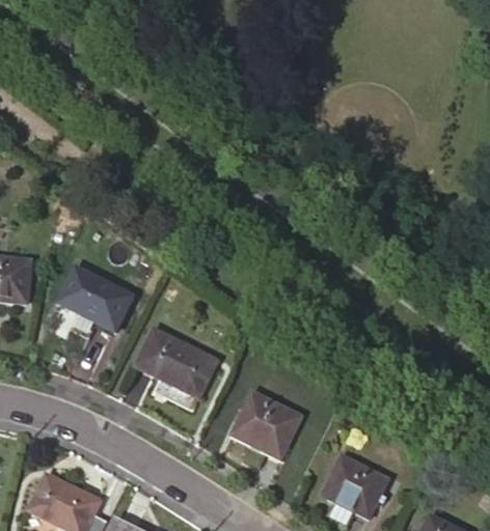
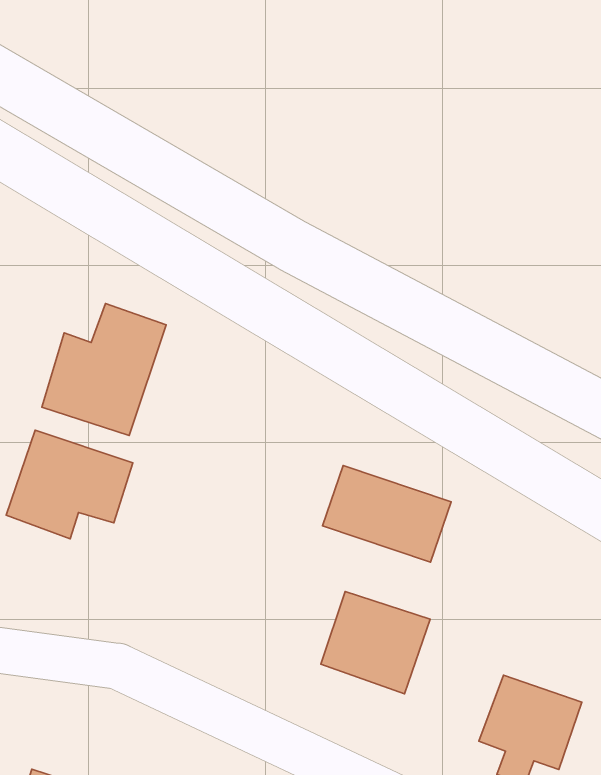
building: none -> [42,303,166,436]
building: [136,329,217,395] -> [322,466,451,562]

